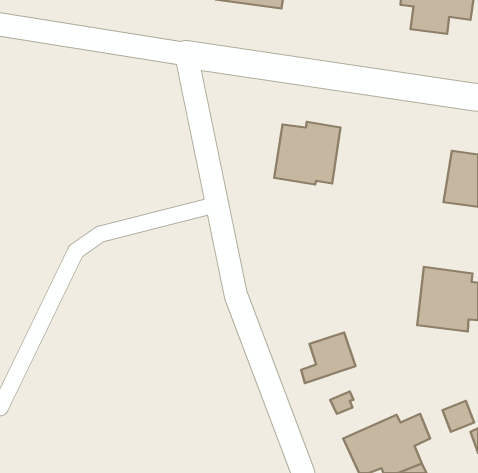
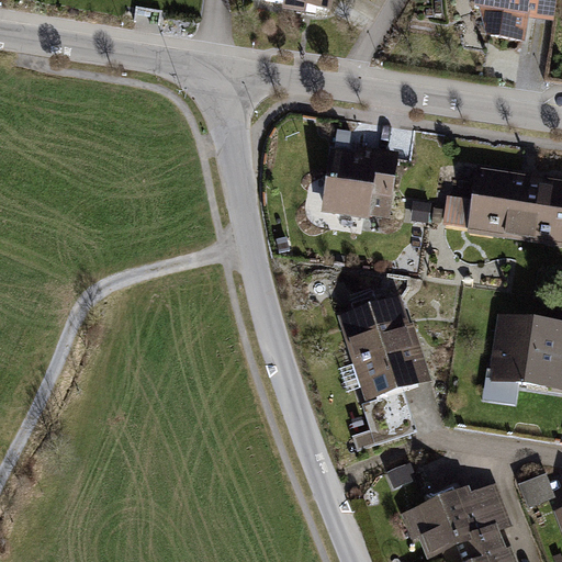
building: none -> [446,168,530,237]
building: none -> [336,291,432,398]

